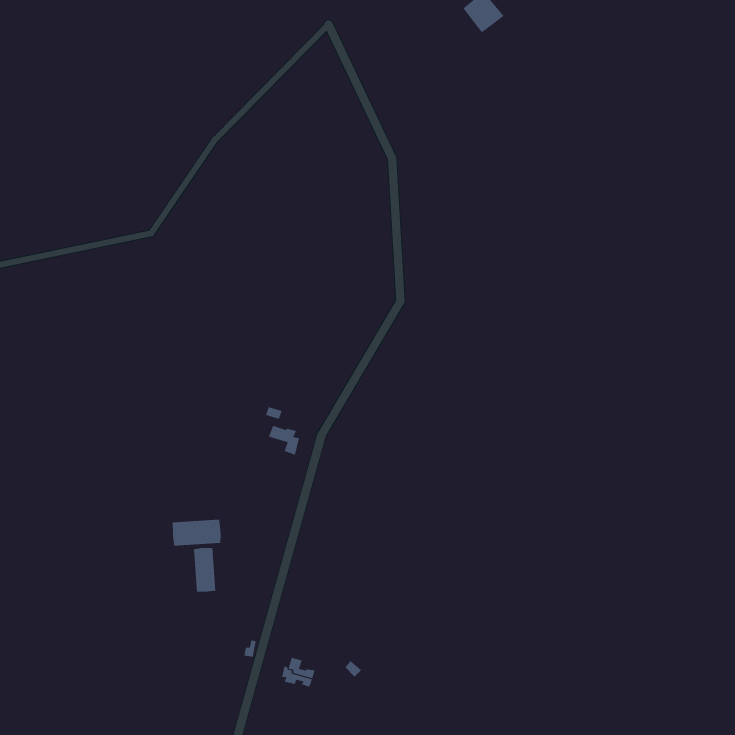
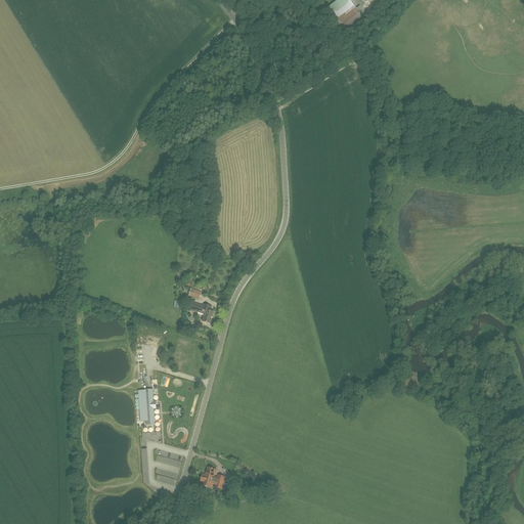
building: [172,519,221,547] -> none

